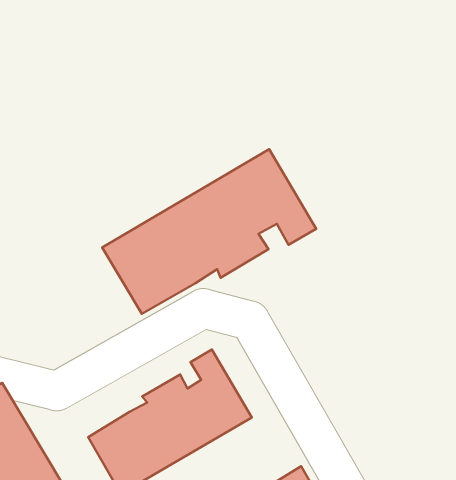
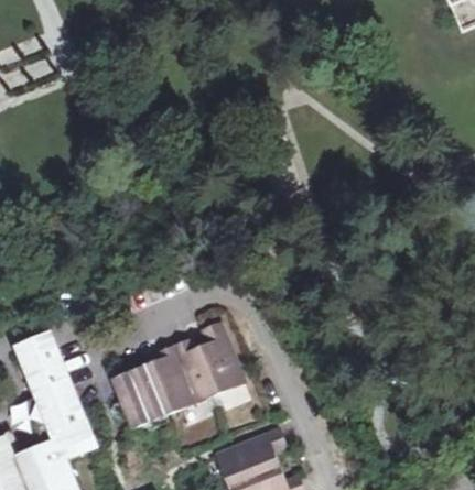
building: [102,149,316,314] -> none

